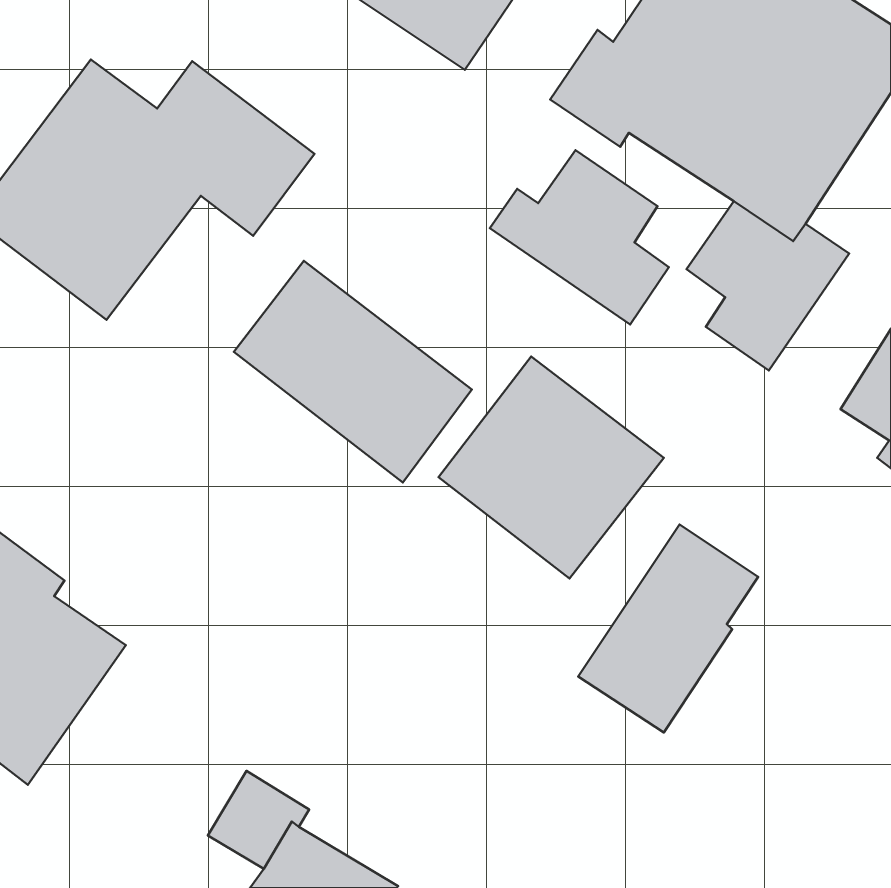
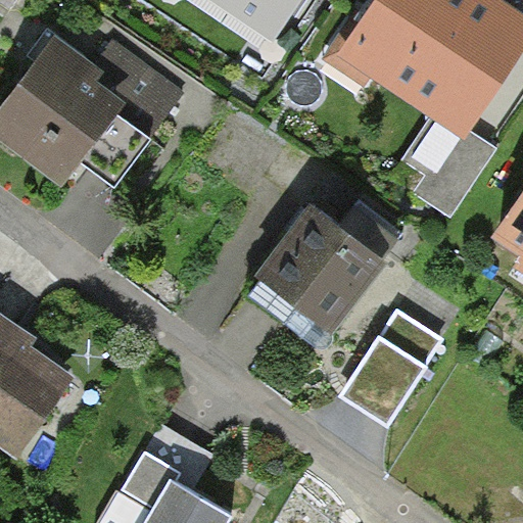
building: [490,150,669,324] -> none
building: [234,261,472,482] -> none

